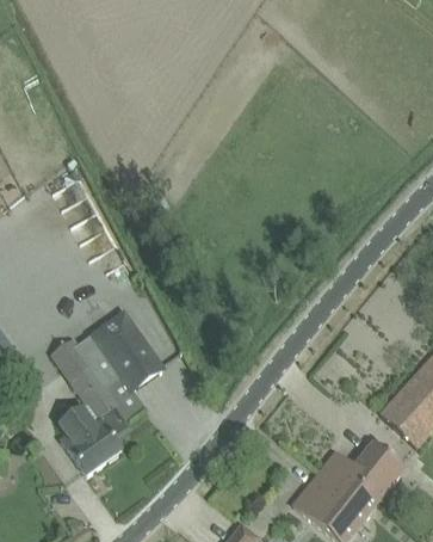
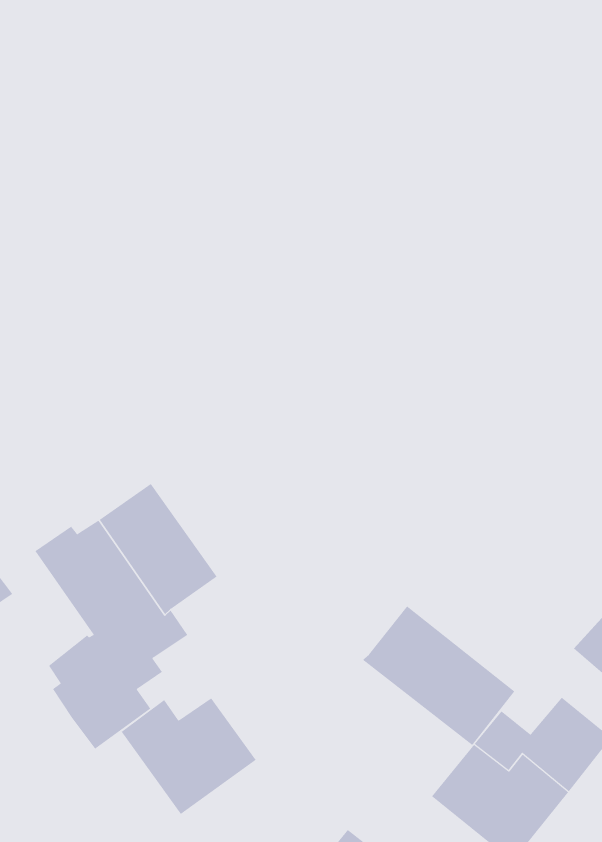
building: none -> [362,606,515,746]
building: none -> [121,698,257,815]

